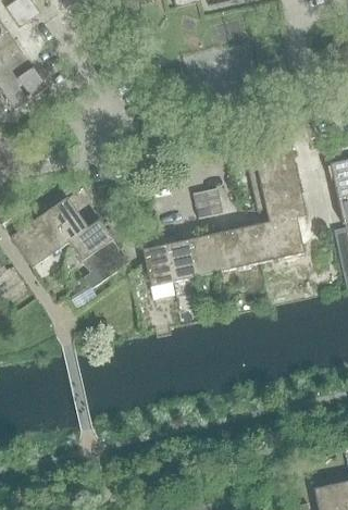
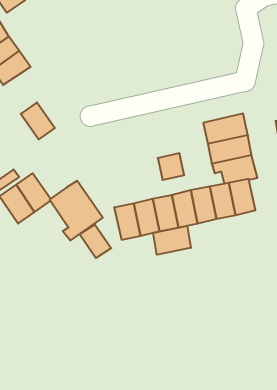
building: [49,197,88,239] -> [21,102,55,139]
building: none -> [79,224,111,258]
building: none -> [153,226,191,255]

